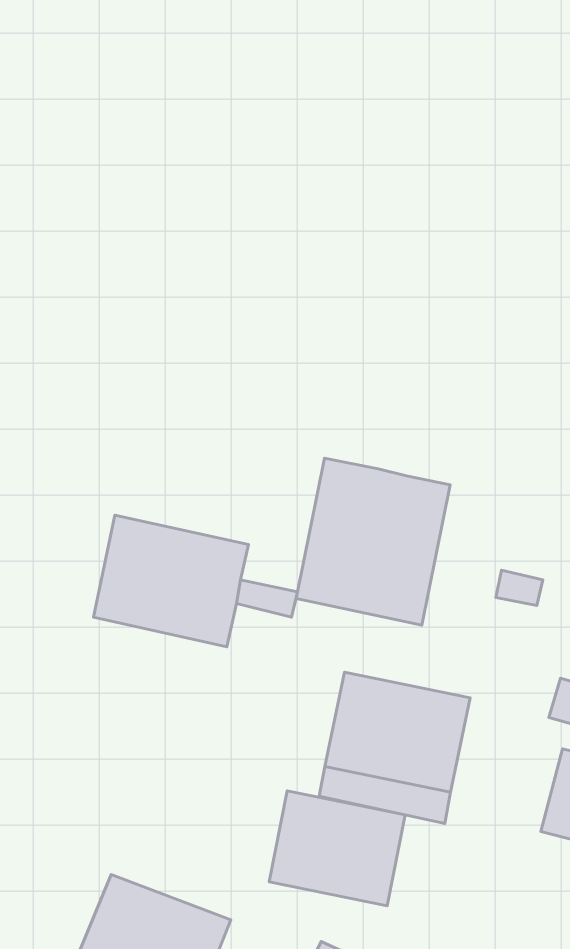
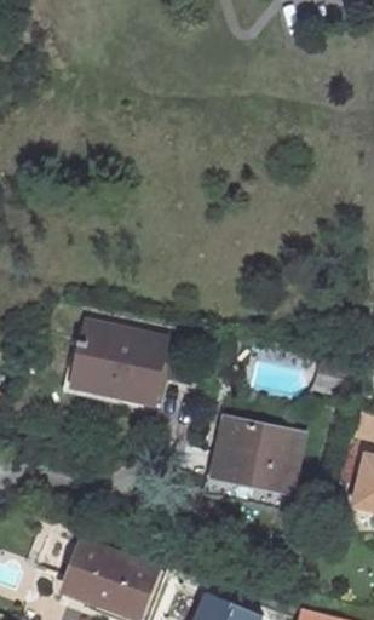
building: [296,458,450,625] -> none
building: [269,791,405,906] -> none

